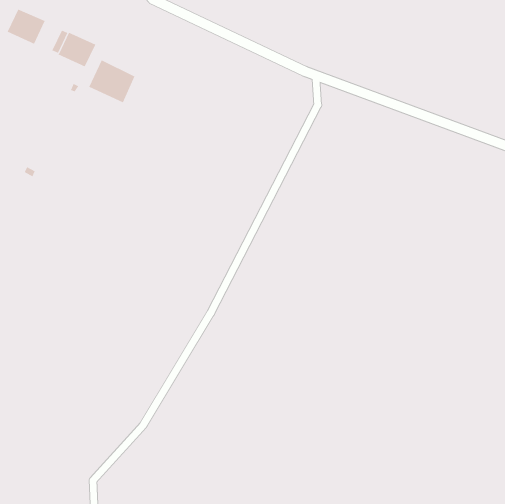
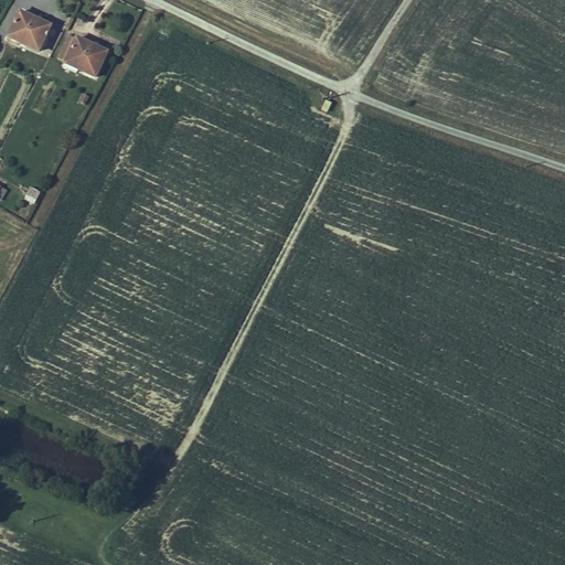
building: [89,60,135,103] -> none

